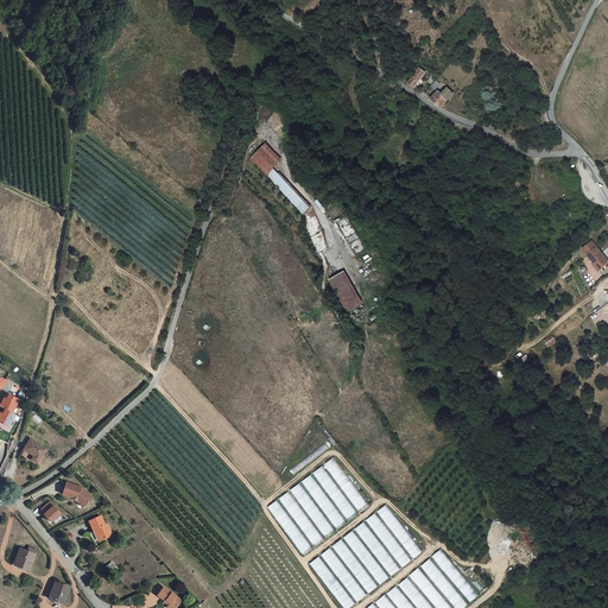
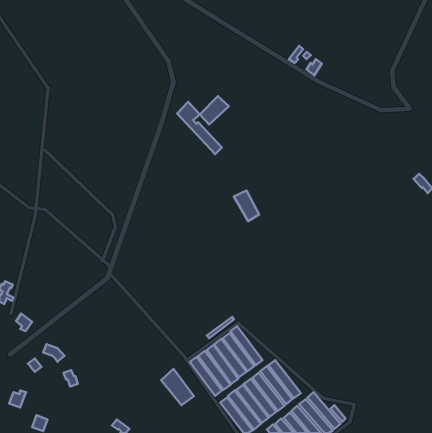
building: none -> [200,96,229,125]
building: none -> [161,369,194,405]

